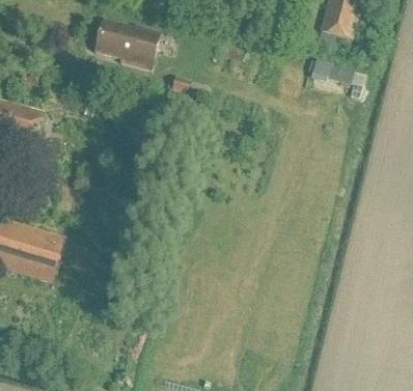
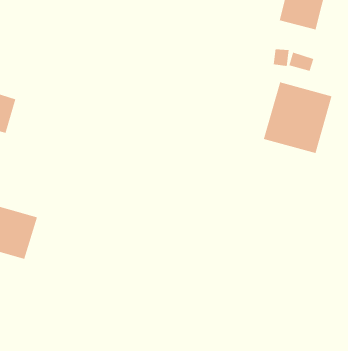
building: [93,19,160,72] -> none
building: none -> [263,82,332,154]

